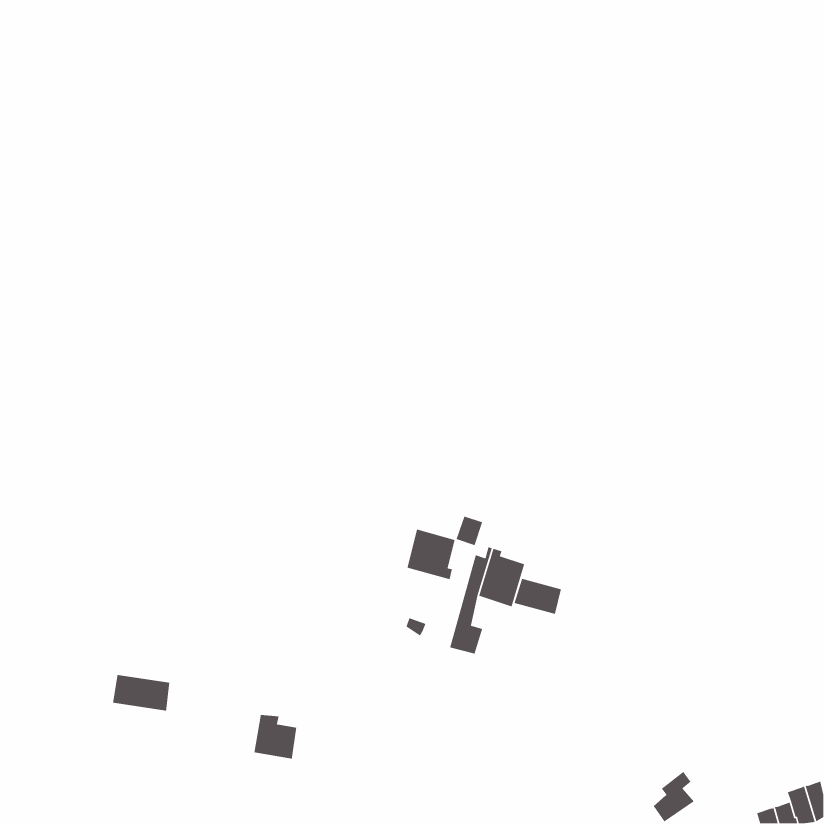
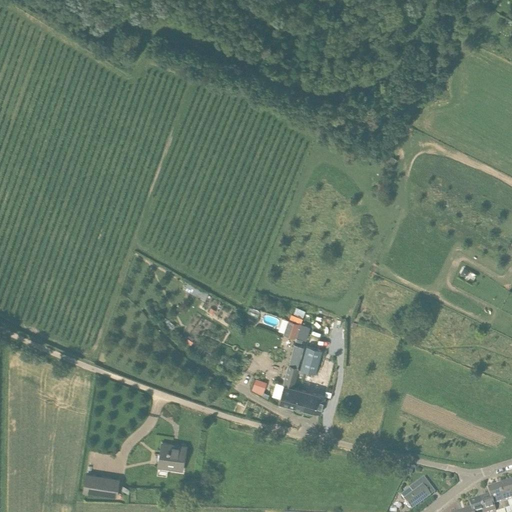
building: [407,529,456,580] -> none
building: [513,578,562,615] -> [294,389,324,412]
building: [112,674,170,711] -> [82,473,118,496]

